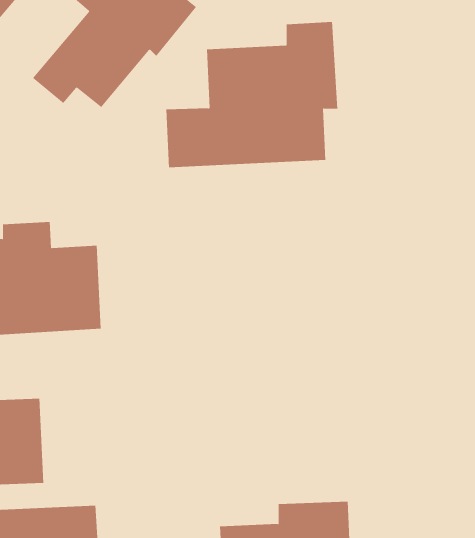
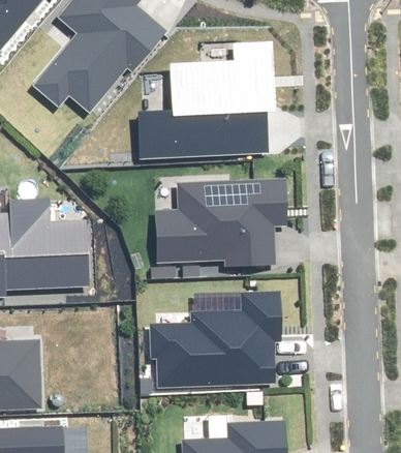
building: none -> [157,180,287,265]
building: none -> [150,292,281,387]

